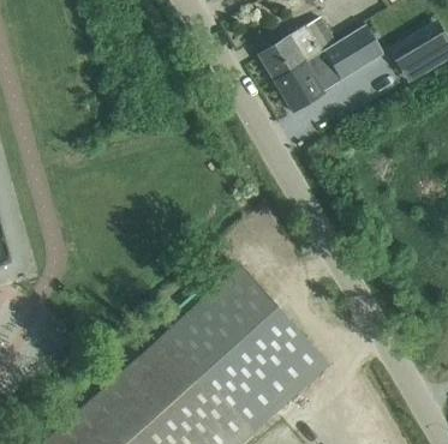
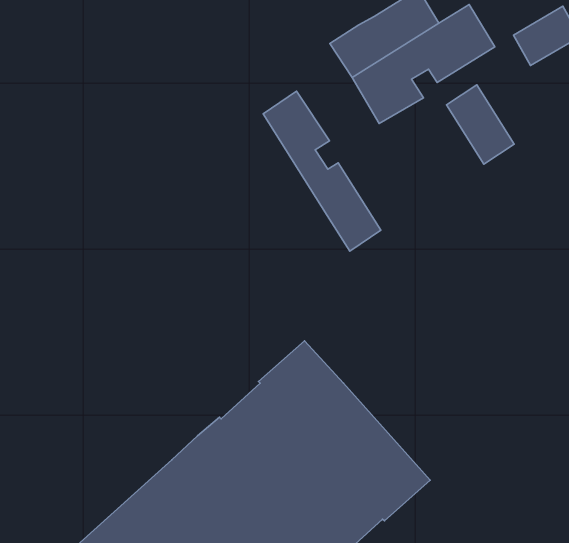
building: none -> [447,85,514,164]
building: none -> [263,91,381,251]

